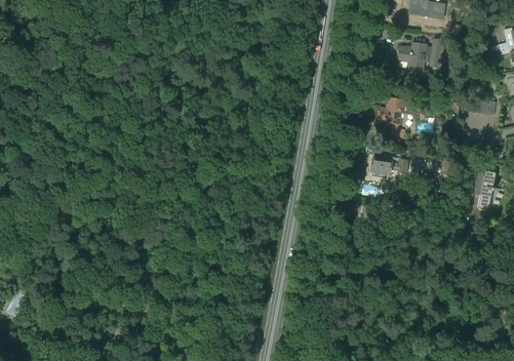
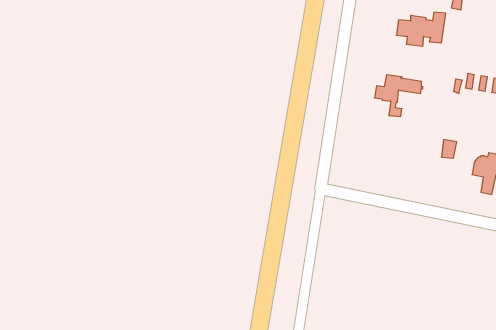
building: [371,157,408,176] -> none

